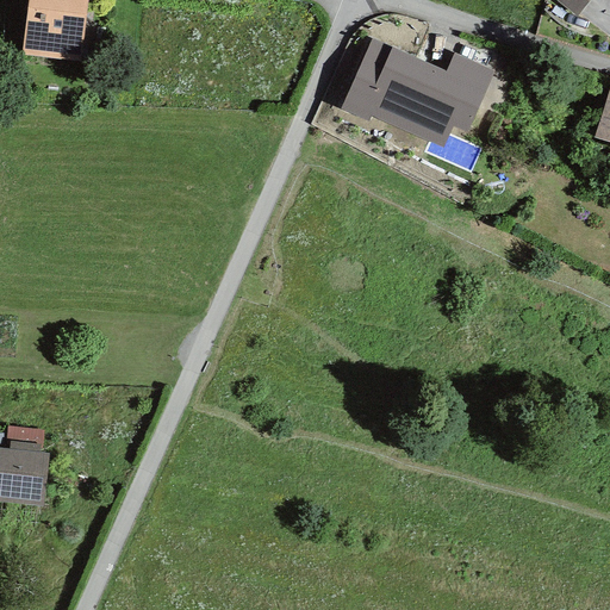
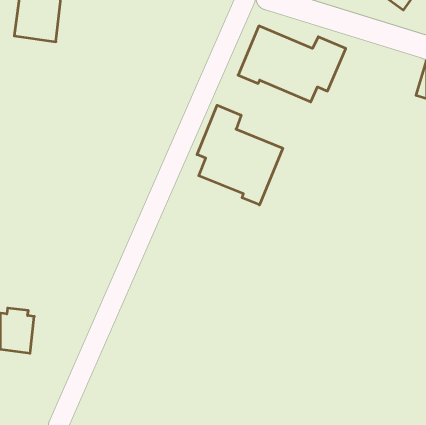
building: none -> [197,105,283,205]

